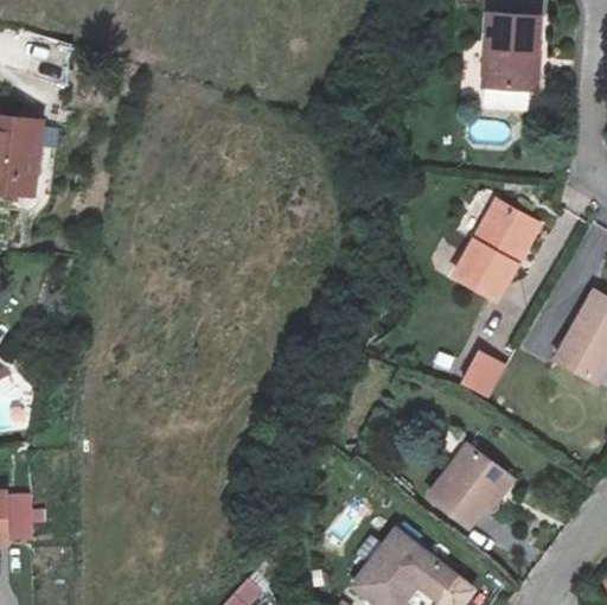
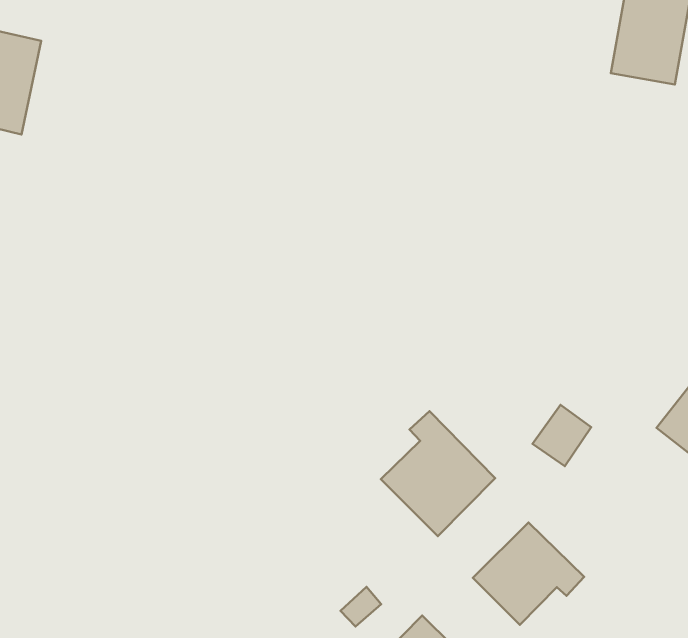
building: [455,203,538,298] -> none
building: none -> [381,411,495,536]

